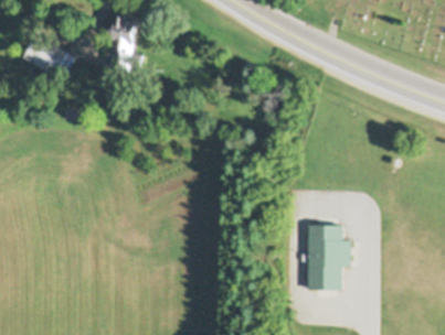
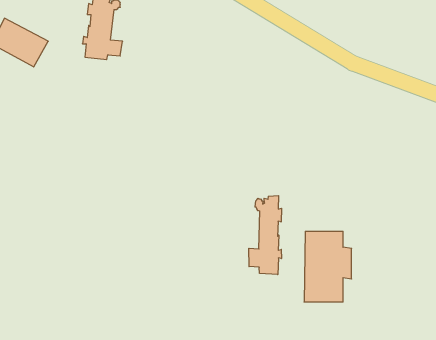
building: none -> [249,196,281,275]

